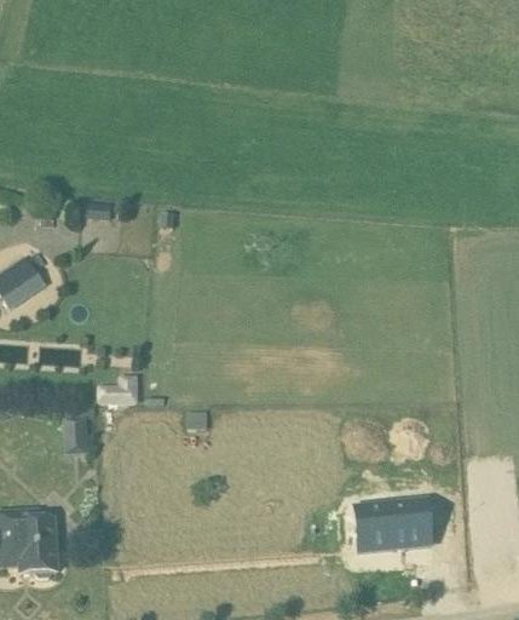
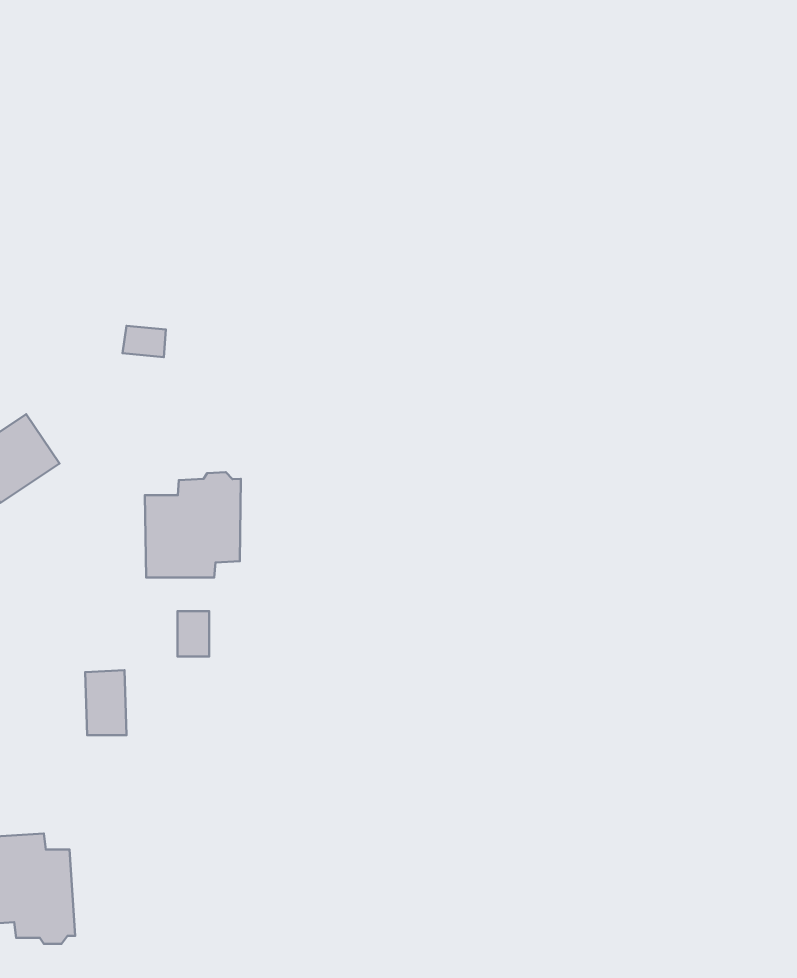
building: none -> [145,472,241,577]
building: [358,507,431,551] -> none

